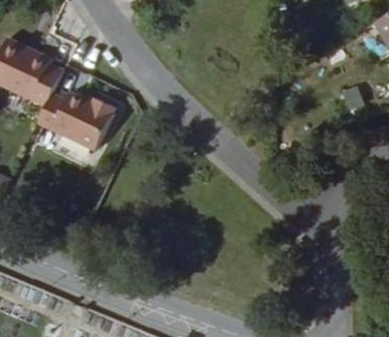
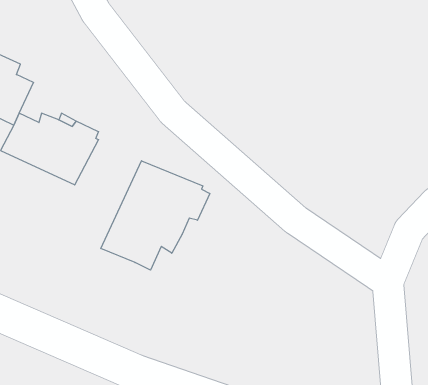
building: none -> [101,161,210,270]

